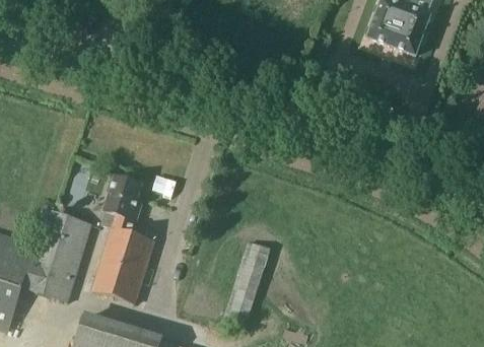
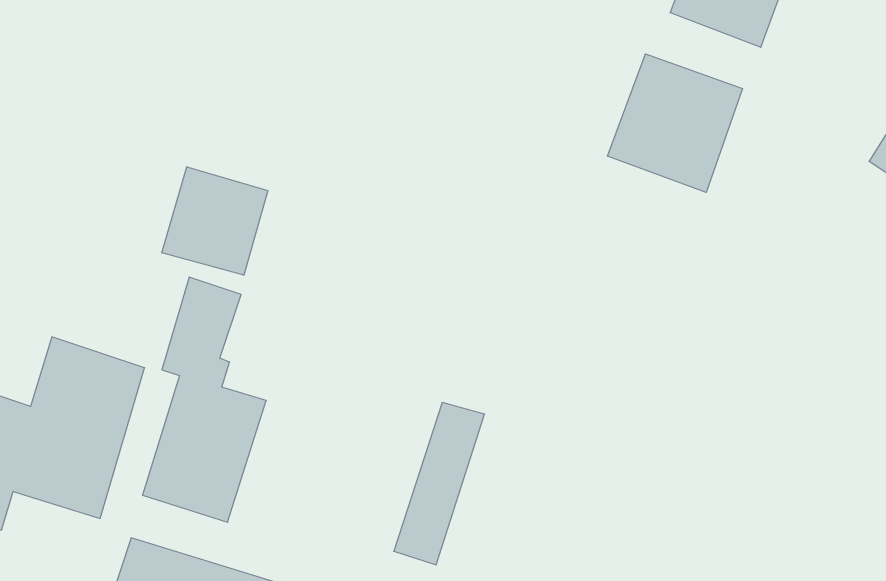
building: none -> [607,54,742,192]
building: none -> [162,167,268,275]

